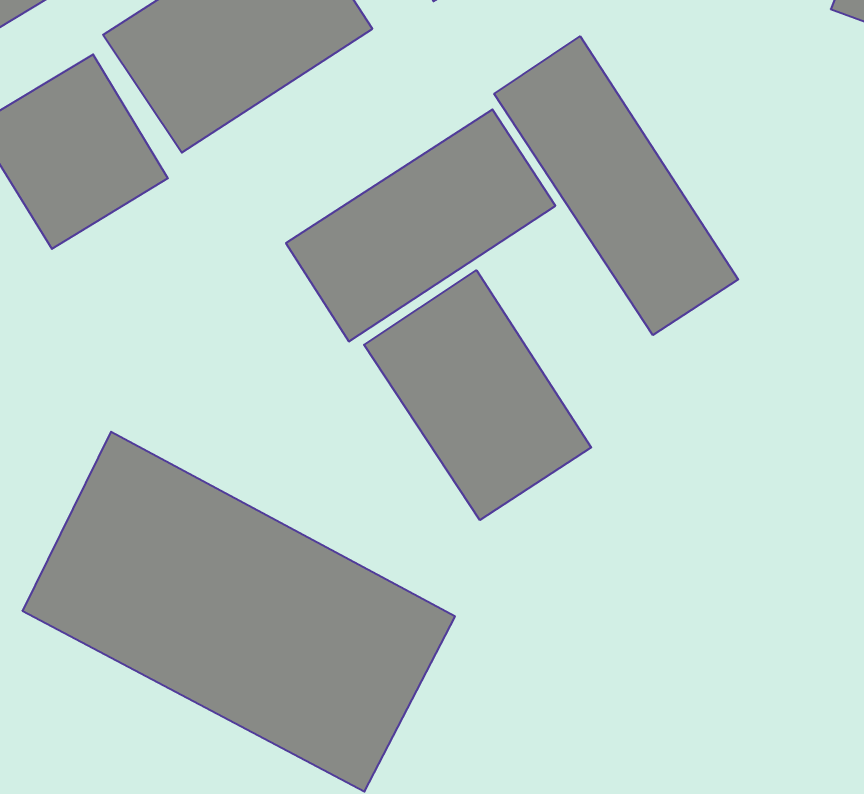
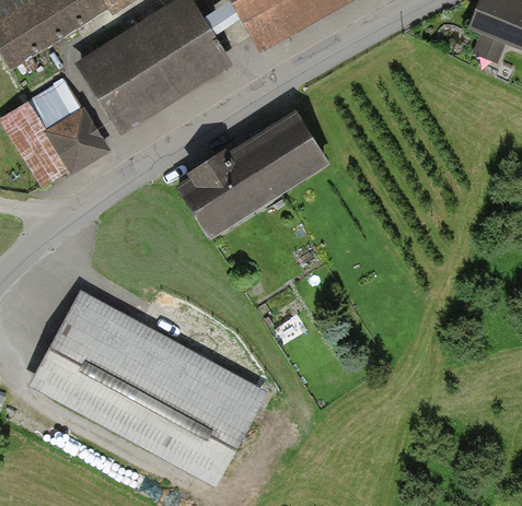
building: [494,36,738,335] -> none
building: [364,270,591,520] -> none

